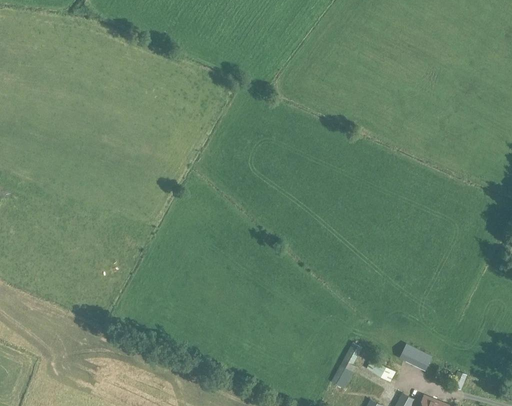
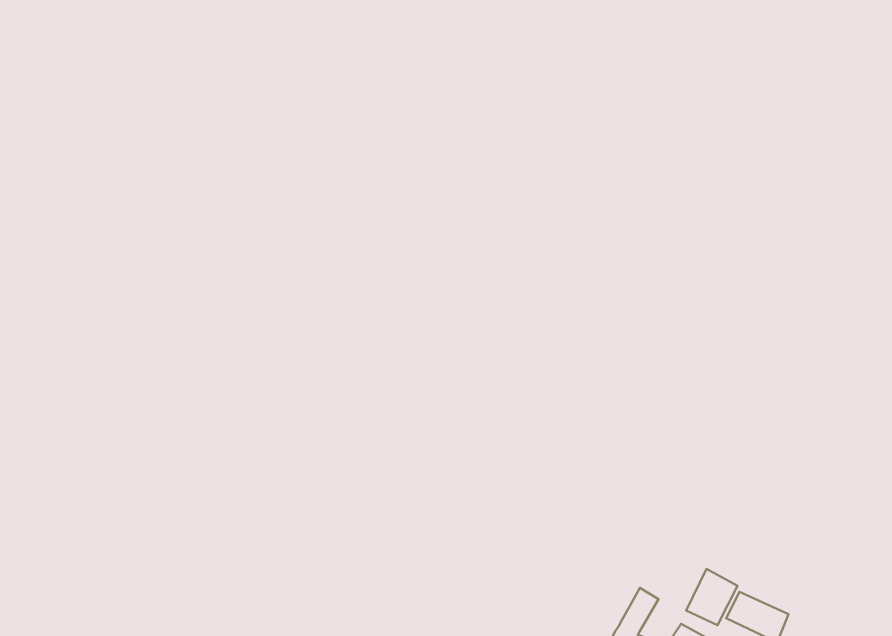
building: none -> [686,569,738,625]

